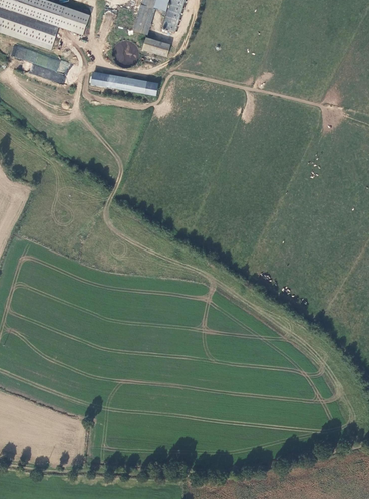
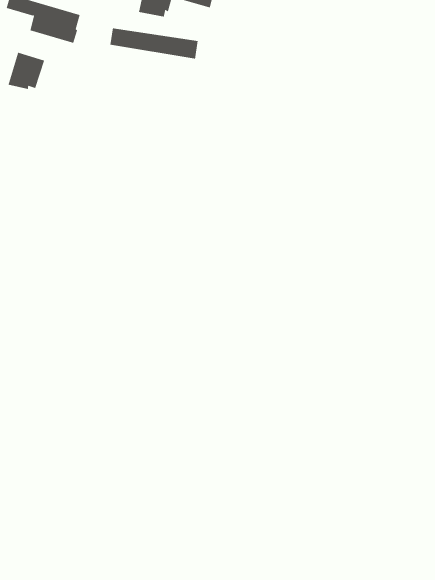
building: none -> [8,52,45,90]

